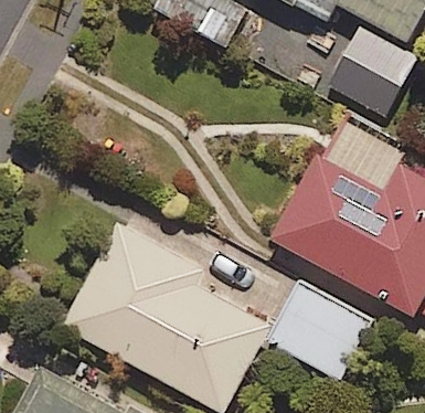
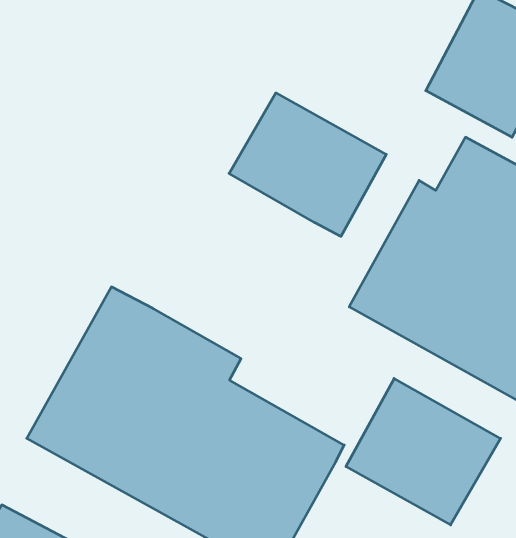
building: none -> [229,93,386,236]

